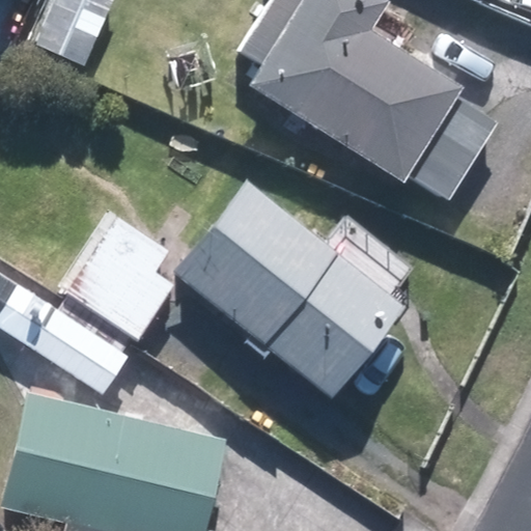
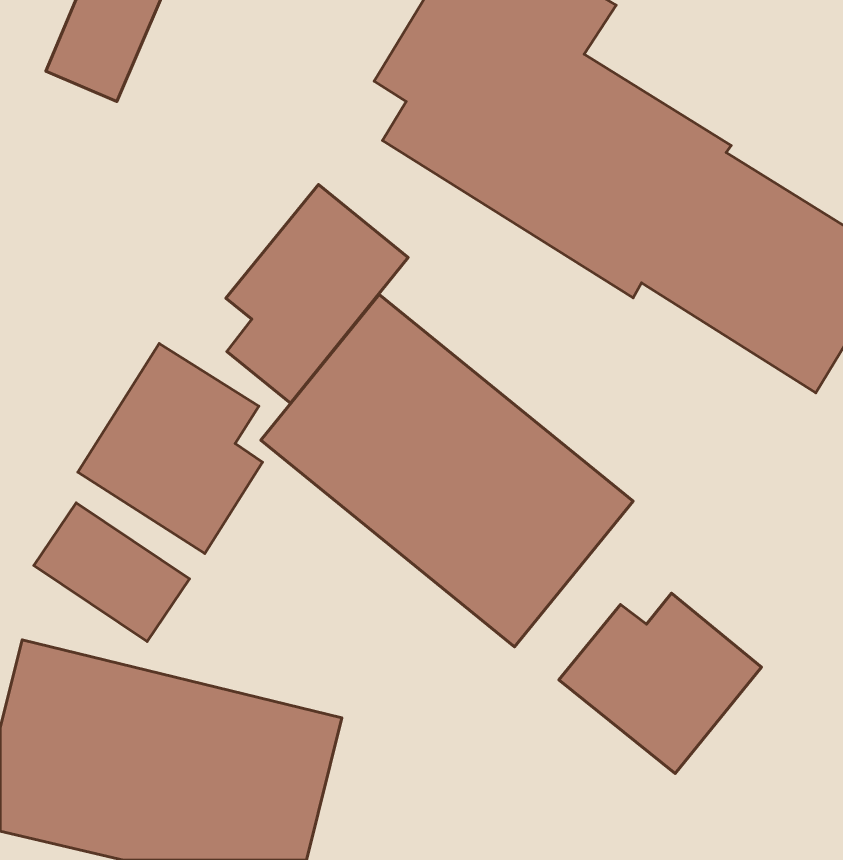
building: none -> [226,185,408,403]
building: none -> [559,593,762,773]

